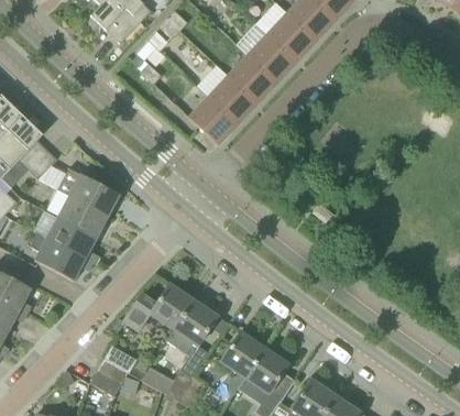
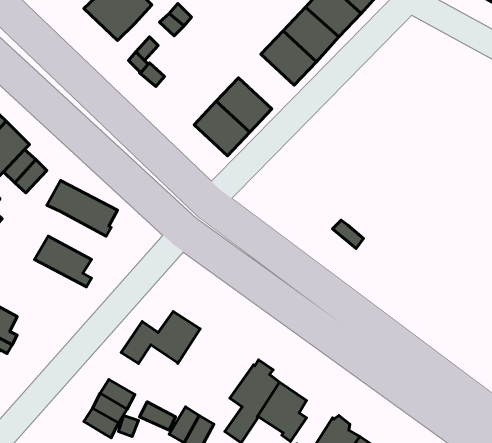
building: [228,55,277,103] -> none
building: [58,195,110,238] -> none
building: [31,233,92,281] -> none
building: [165,299,218,355] -> none

